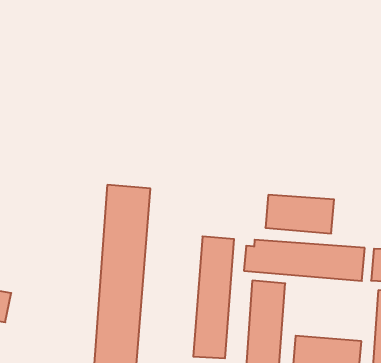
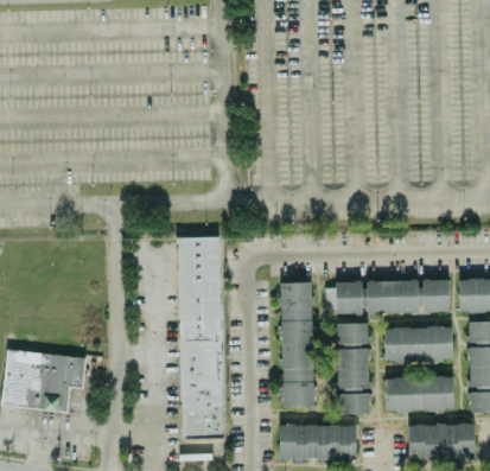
building: [265,195,334,233] -> [384,325,453,361]

